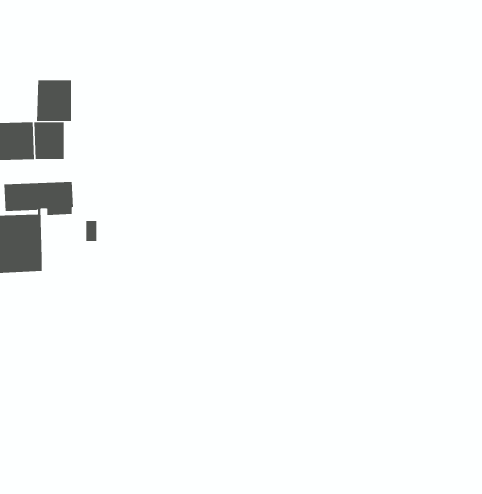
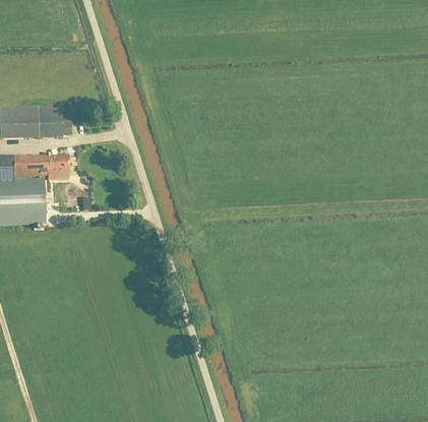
building: [37,79,72,122] -> none

